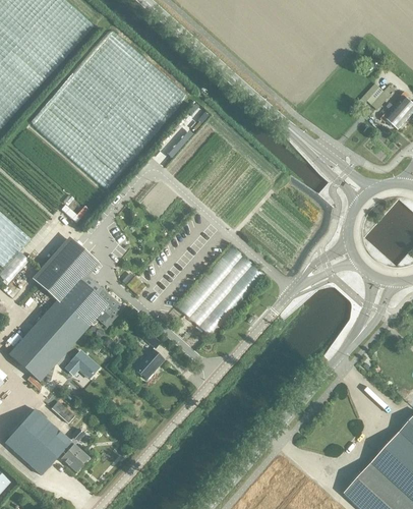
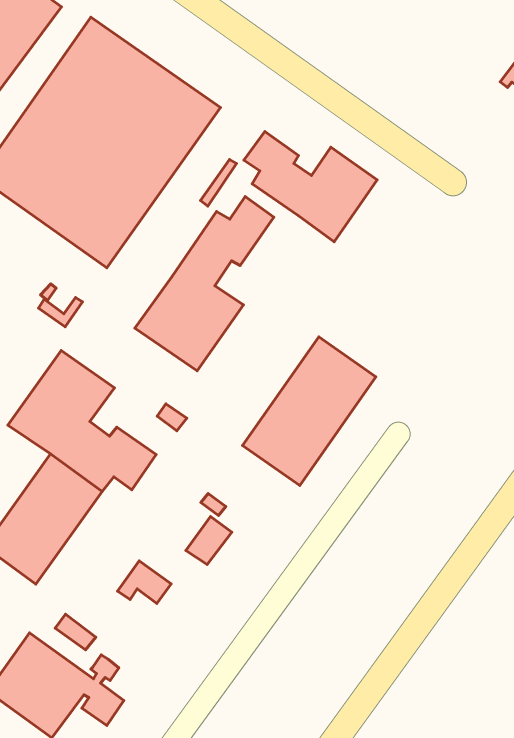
building: none -> [244,131,377,242]
building: none -> [135,197,274,371]
building: [63,351,97,379] -> [118,561,171,603]

